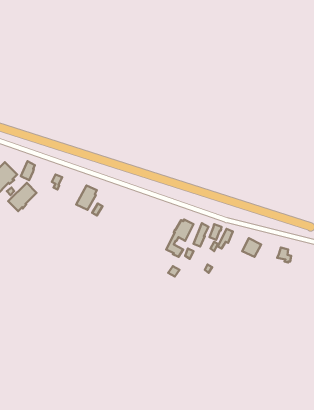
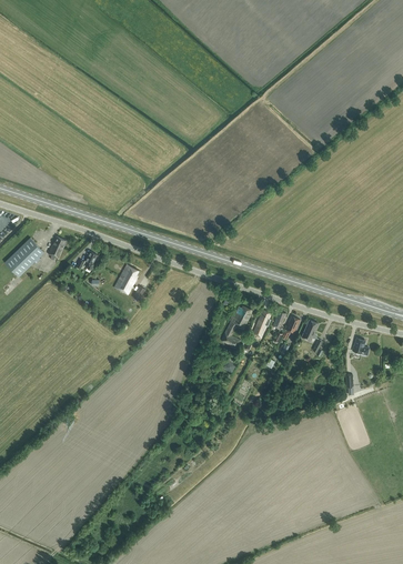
building: [8,183,37,211] -> none

